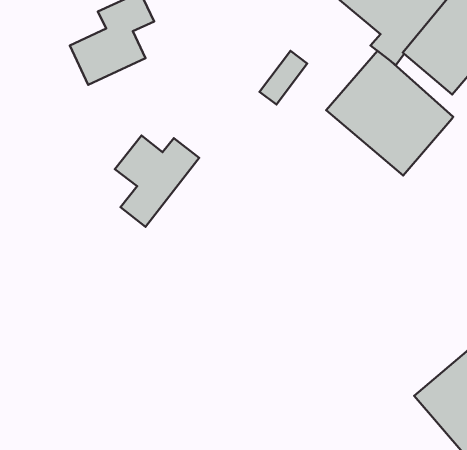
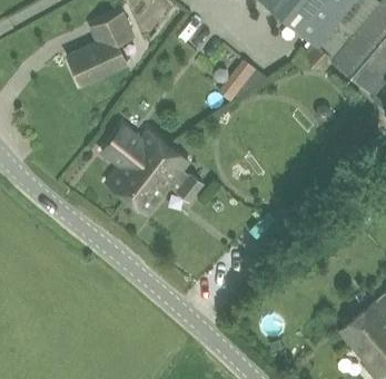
building: [326,51,453,176] -> none
building: none -> [128,145,205,215]

